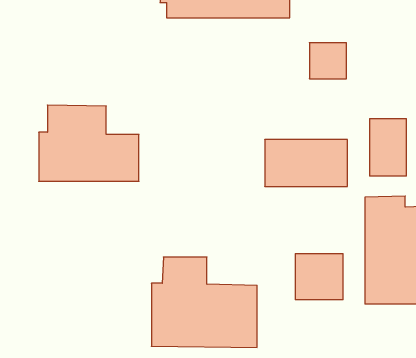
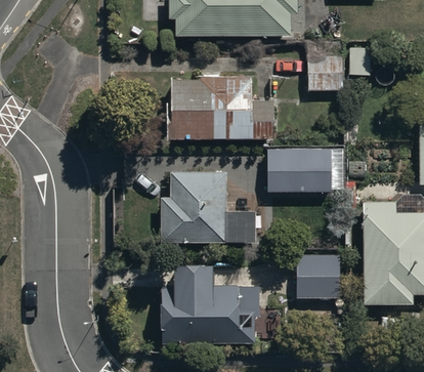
building: none -> [166,76,271,138]
building: [39,105,139,181] -> [161,171,255,243]
building: [370,119,406,176] -> none

